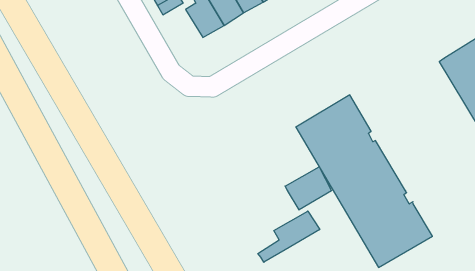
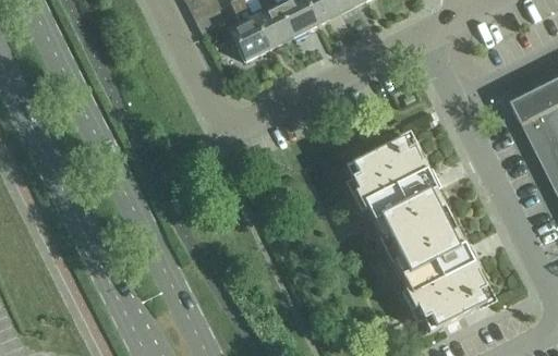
building: [285,167,332,210] -> none
building: [258,211,320,262] -> none

